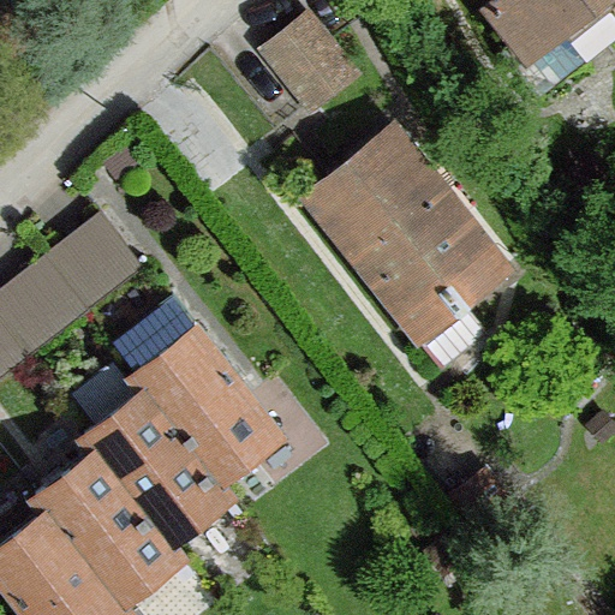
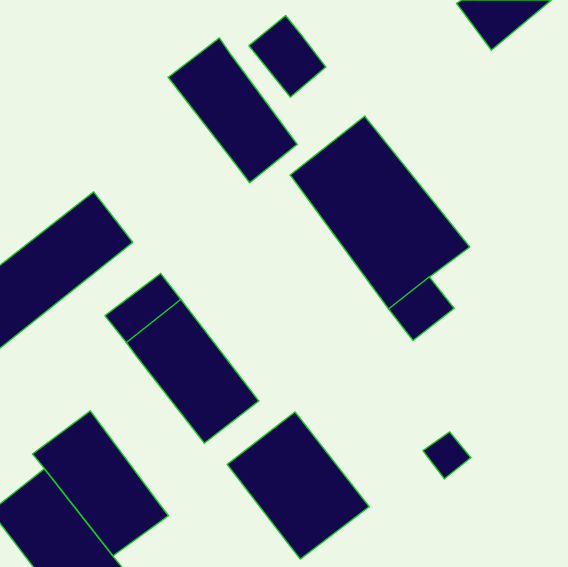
building: none -> [168,38,297,183]
building: [88,387,231,543] -> none
building: none -> [227,412,369,559]

